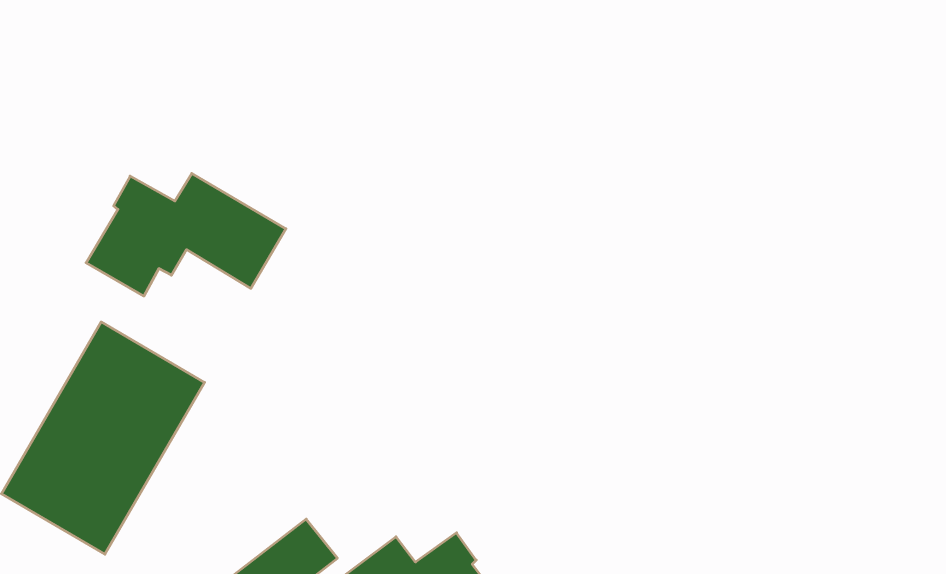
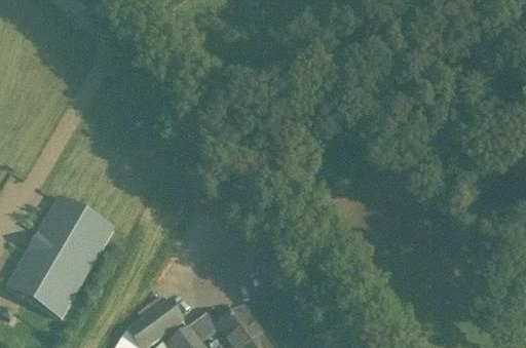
building: [86,173,286,296] -> none

